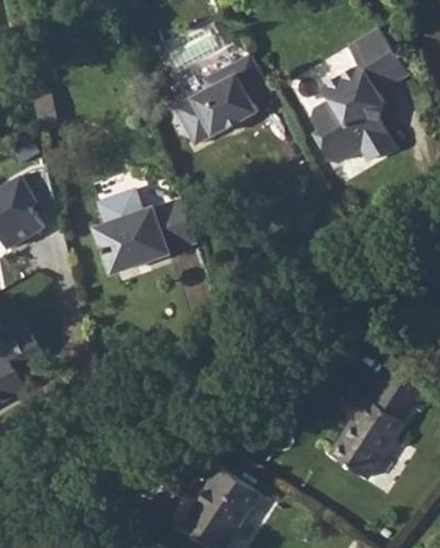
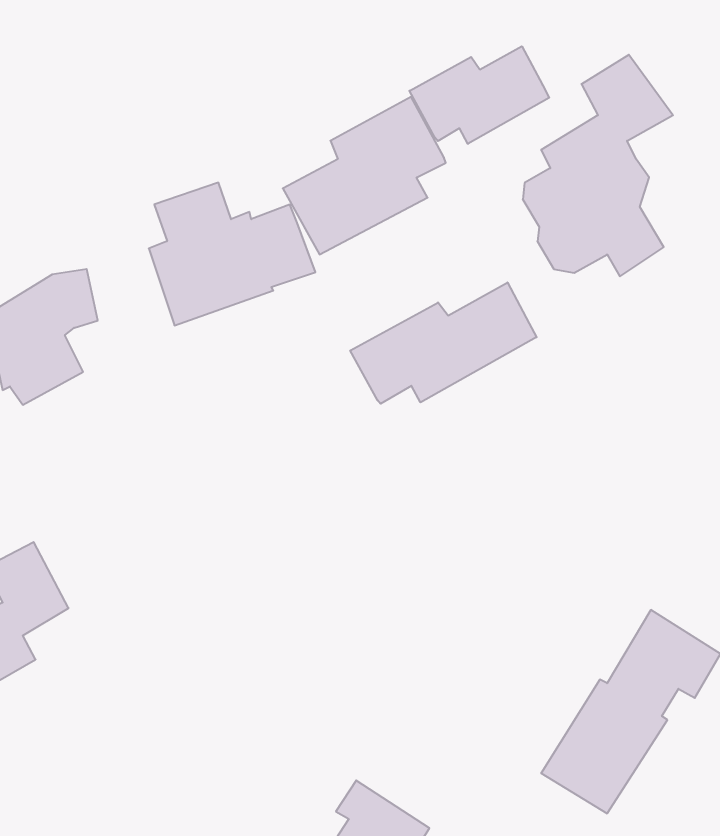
building: none -> [409,46,549,144]
building: none -> [350,282,537,404]
building: [93,192,192,277] -> [149,183,315,325]

